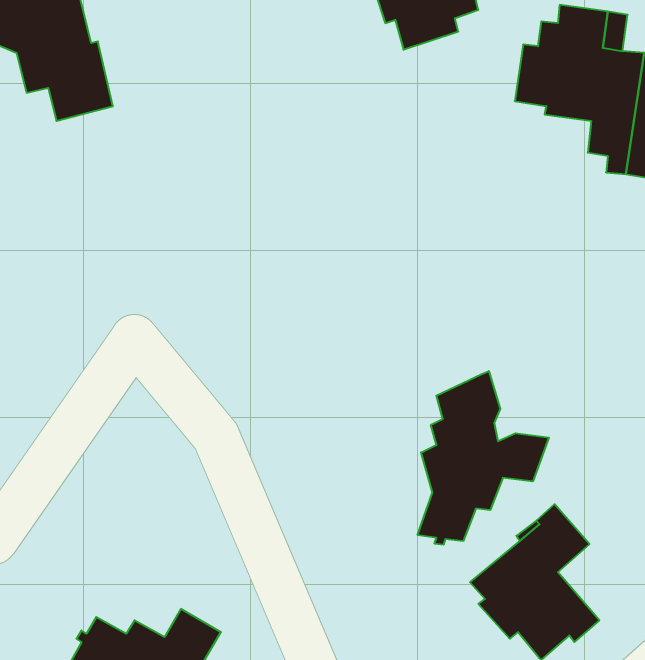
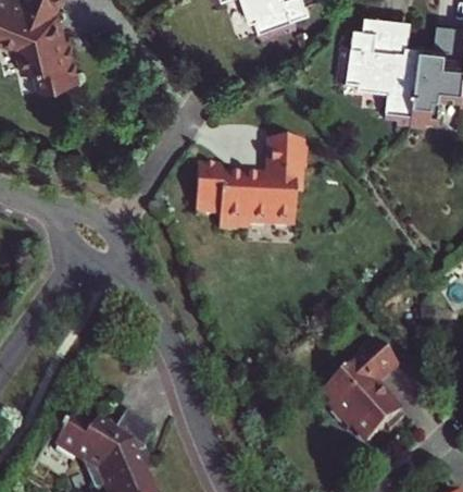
building: none -> [197,143,300,232]
building: [418,371,549,545] -> none

